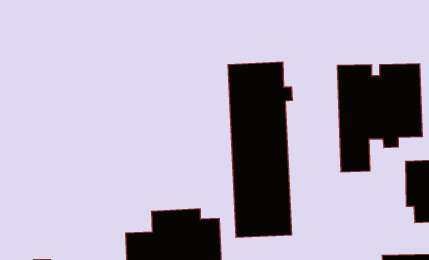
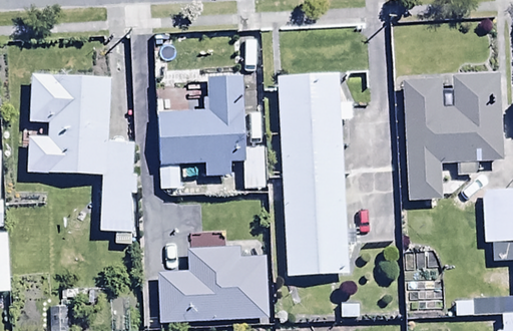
building: none -> [158,74,265,189]
building: none -> [28,75,137,232]

